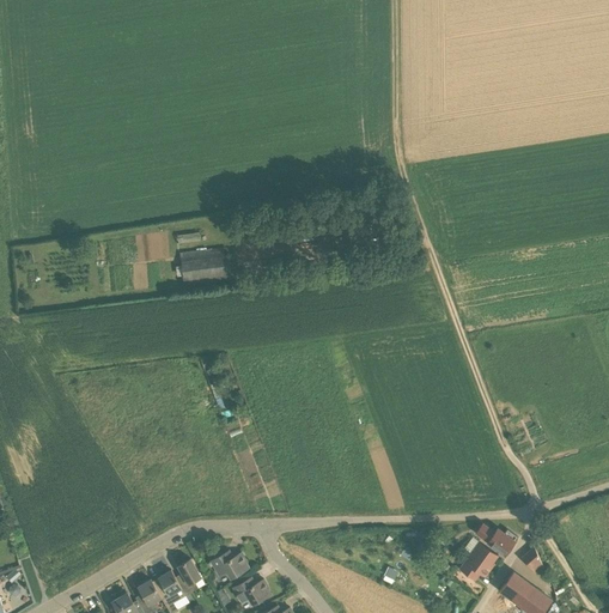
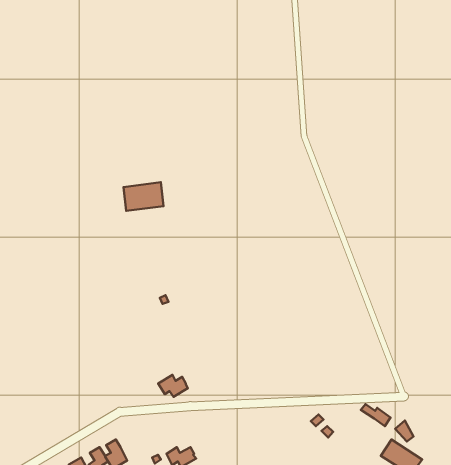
building: [458,542,498,581] -> none
building: [211,551,248,578] -> [158,375,188,397]
building: [176,559,201,596] -> none

